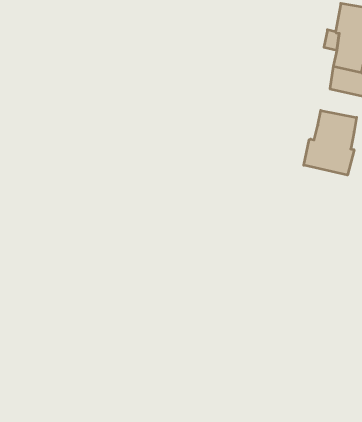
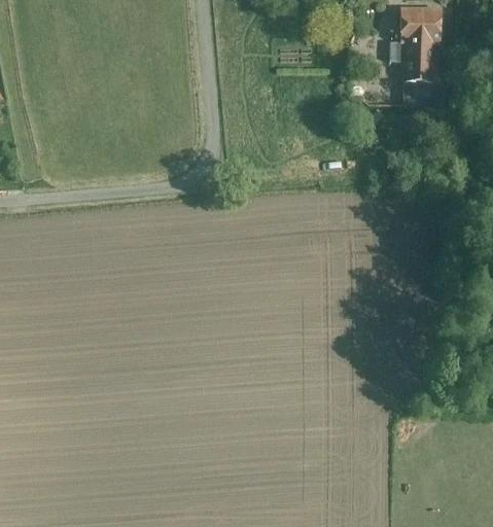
building: [304,110,357,175] -> none

